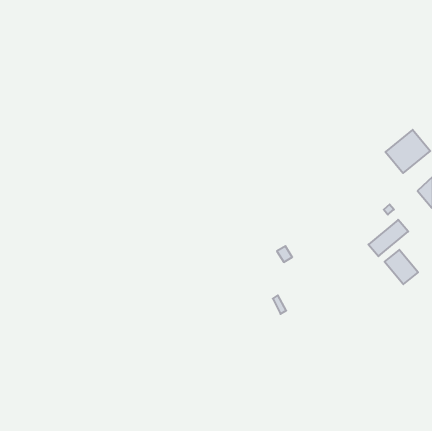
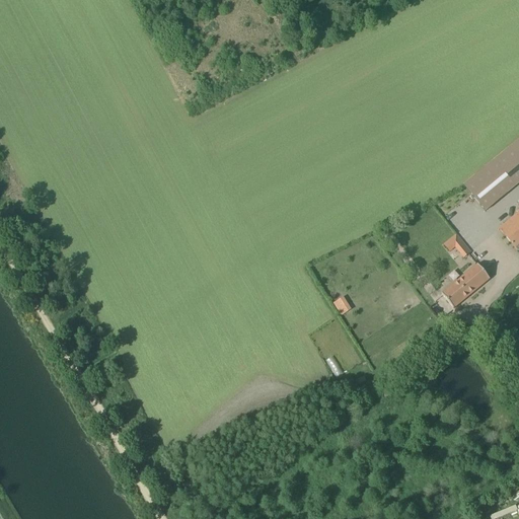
building: [385,250,418,284] -> none

